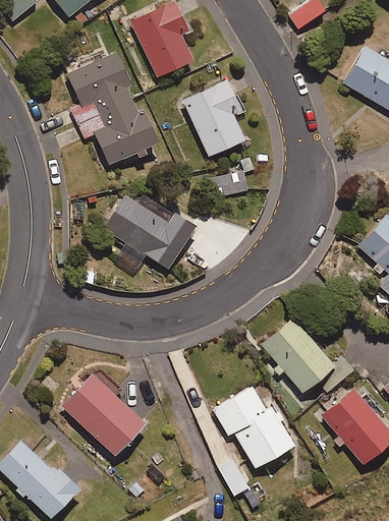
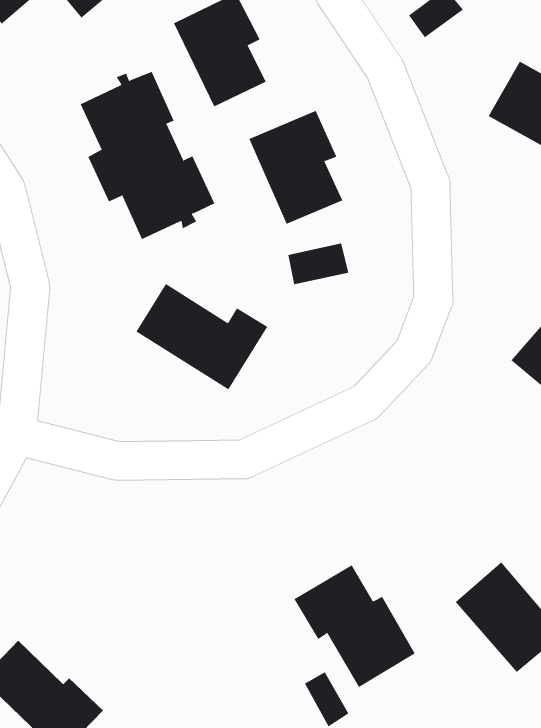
building: [260,320,353,397] -> none
building: [63,370,150,455] -> none

